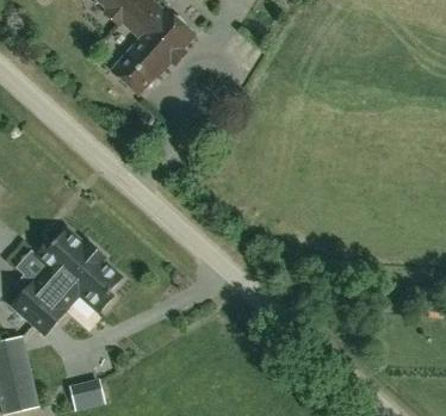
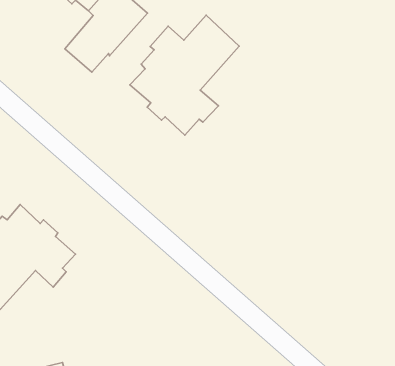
building: none -> [130,15,239,135]

